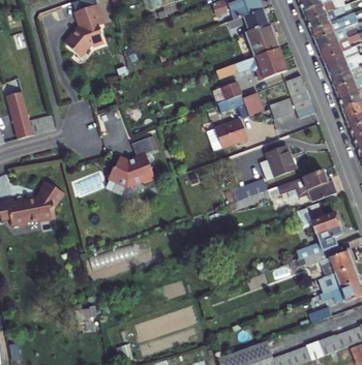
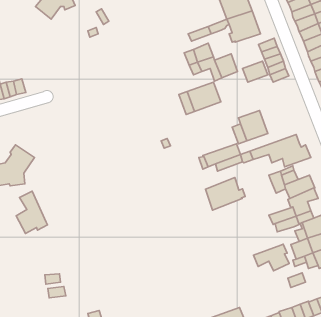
building: [108,138,155,187] -> none
building: none -> [205,178,245,210]
building: none -> [16,191,47,234]
building: none -> [254,244,289,271]

